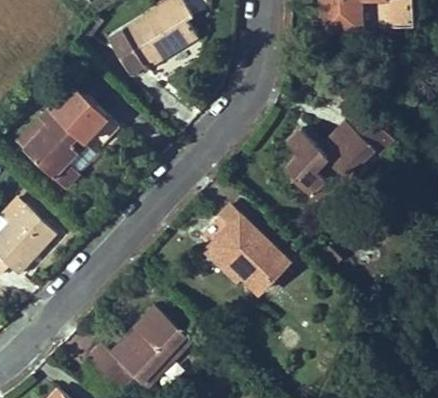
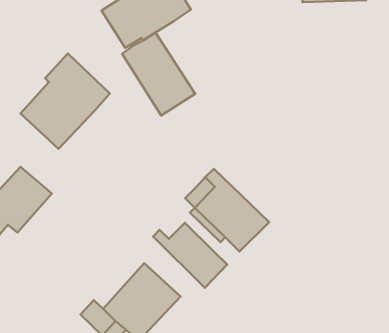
building: none -> [122,33,195,116]
building: [282,121,373,209] -> none
building: none -> [153,223,227,288]

